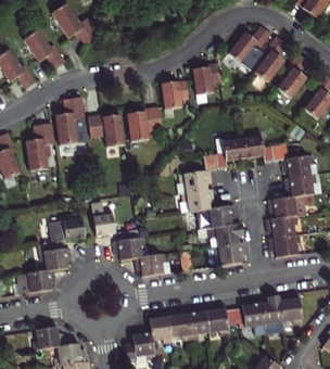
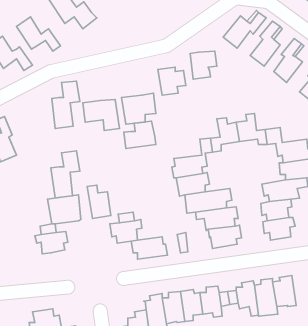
building: [25,124,54,171] -> [51,151,80,198]
building: none -> [124,121,156,149]
building: [15,270,55,294] -> none

